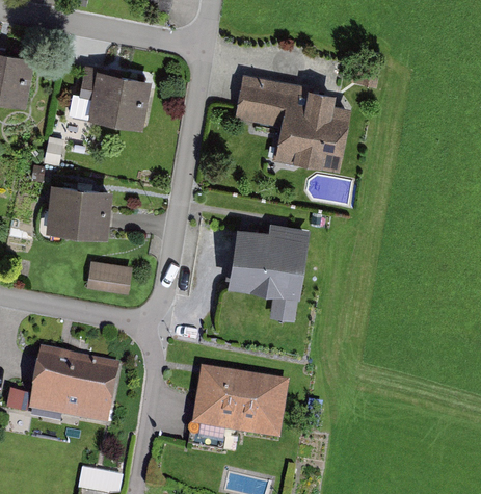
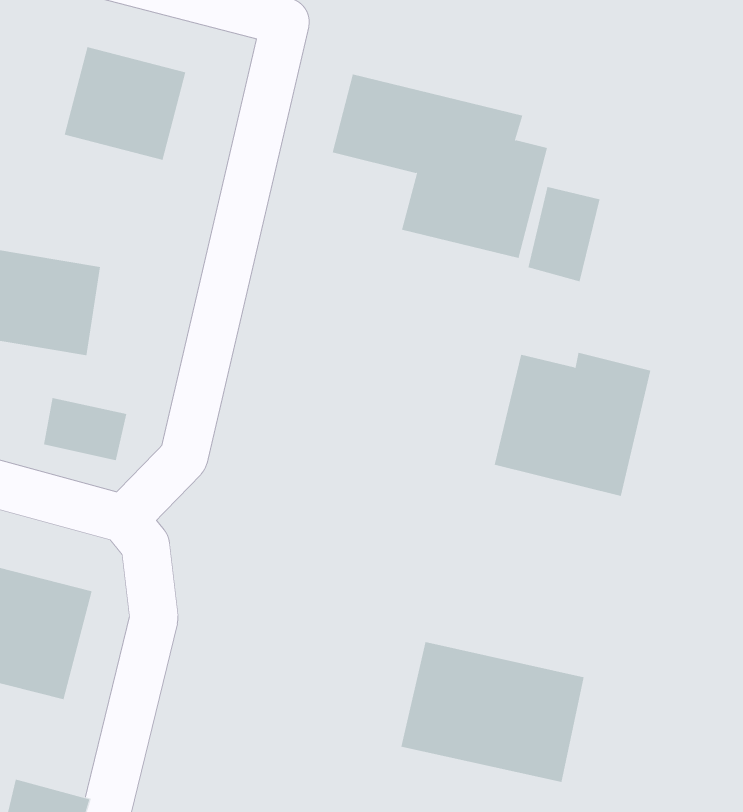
building: none -> [528,186,600,282]
building: [228,223,310,300] -> [494,352,651,496]
building: [190,371,288,443] -> [400,642,585,782]

